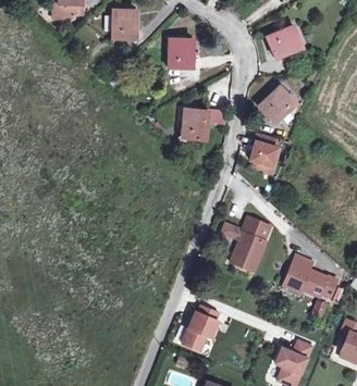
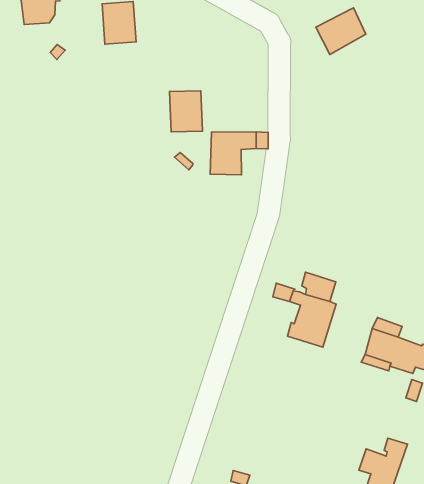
building: [169,39,193,70] -> [170,91,202,132]
building: [258,86,296,124] -> none
building: [250,133,280,169] -> none
building: [182,304,218,349] -> none

